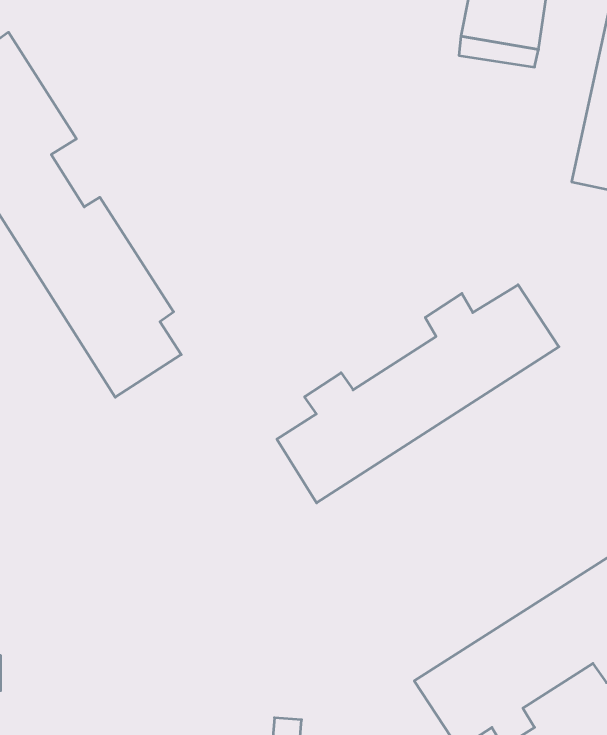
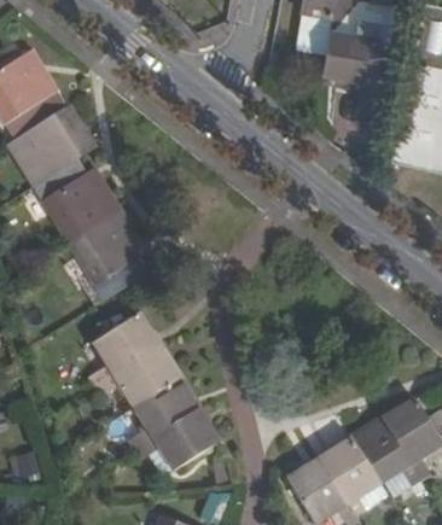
building: [277,285,559,503] -> none
building: none -> [97,314,217,466]

